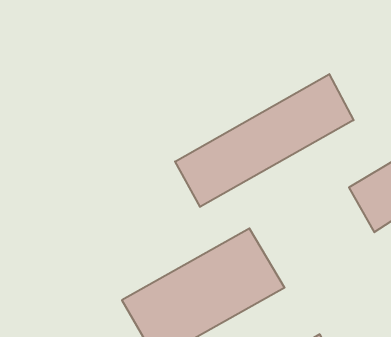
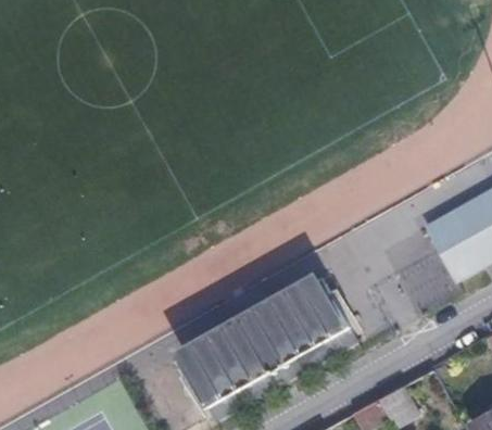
building: [175,74,354,207] -> none

